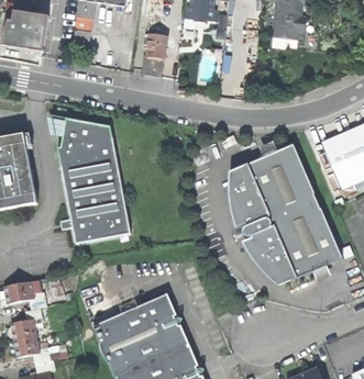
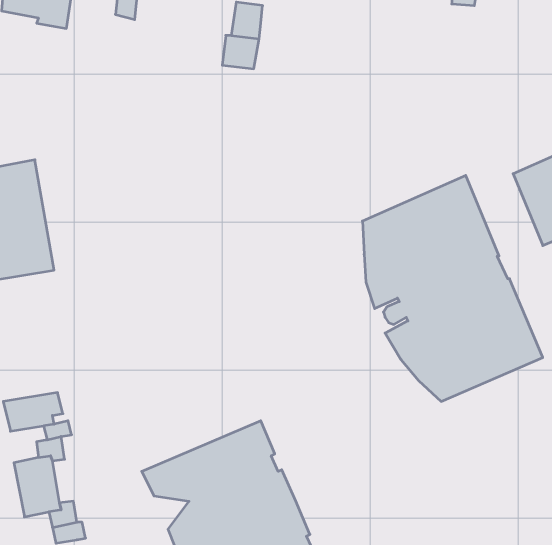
building: [52,114,130,243] -> none

